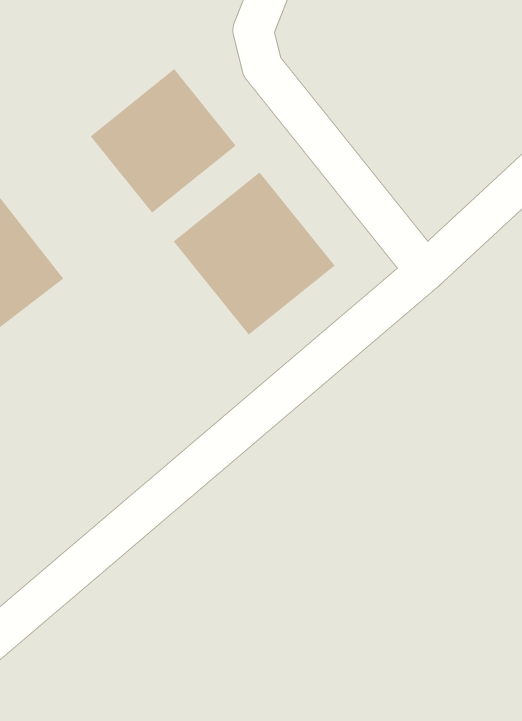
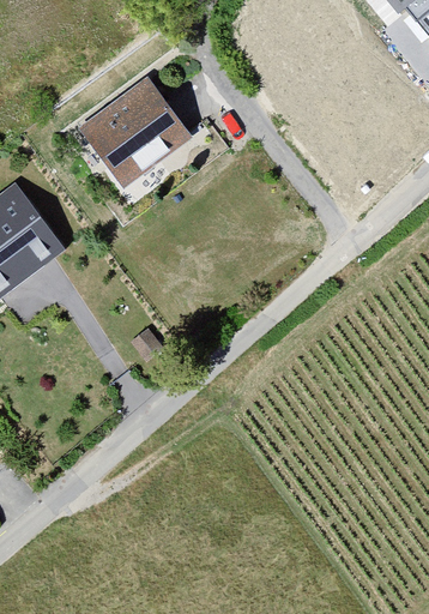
building: [173,172,336,336] -> none

